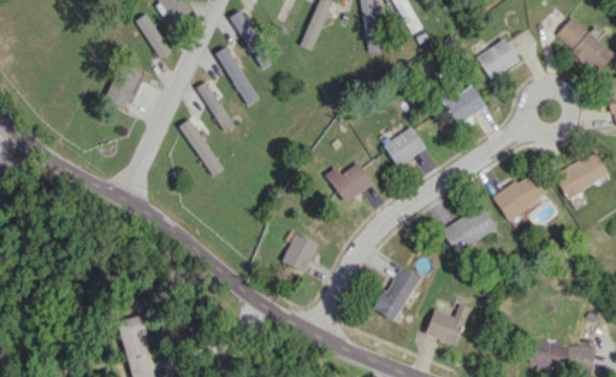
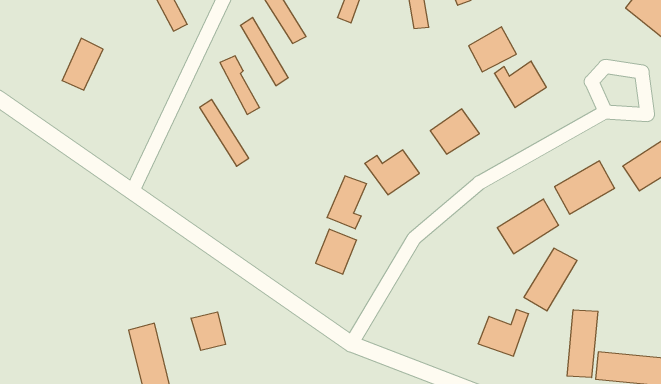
building: [478,39,520,78] -> [469,27,516,72]
building: [106,63,142,108] -> [62,38,103,90]
building: none -> [327,176,366,229]
building: [374,266,421,322] -> [524,248,577,311]
building: none -> [567,310,598,378]
building: none -> [191,312,226,350]

